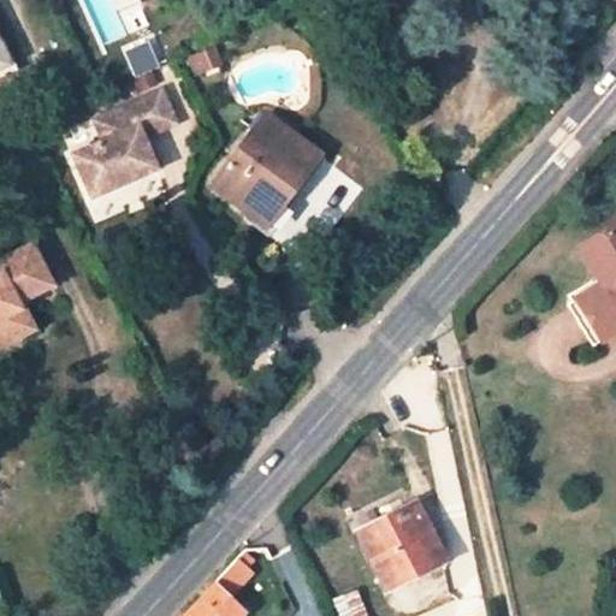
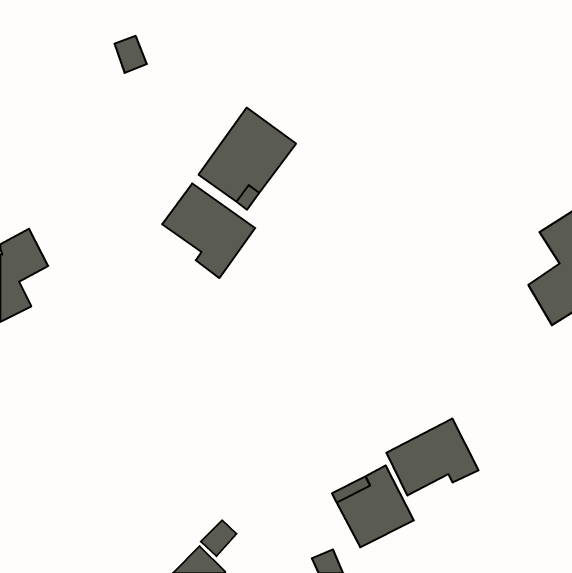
building: [72,87,177,197] -> none
building: none -> [162,183,255,278]
building: none -> [386,418,479,496]

